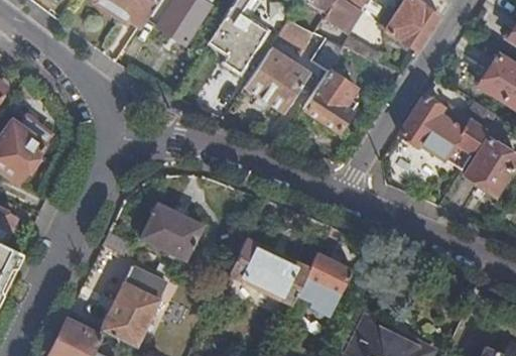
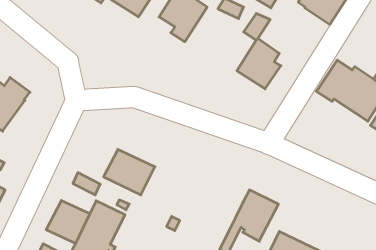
building: [245,47,307,111] -> none
building: [230,238,310,306] -> none
building: none -> [46,200,90,244]

